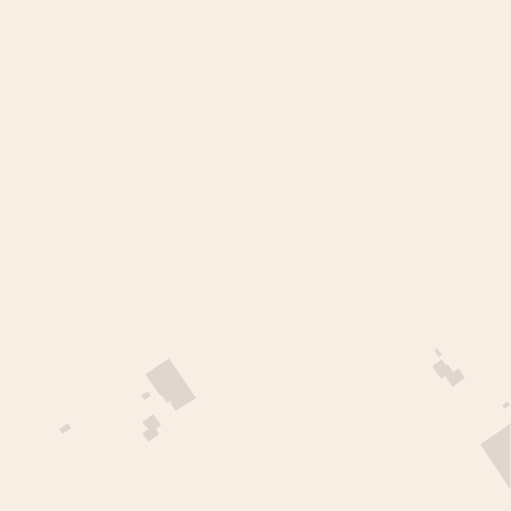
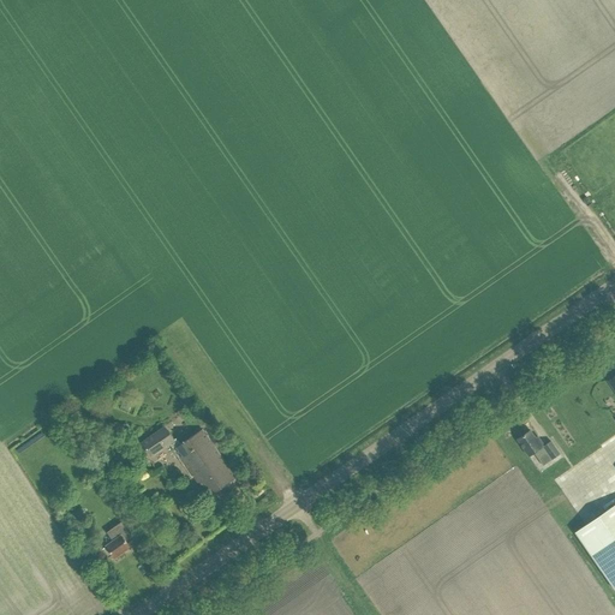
building: none -> [141,428,177,460]
building: [141,413,162,443] -> [107,521,132,557]

